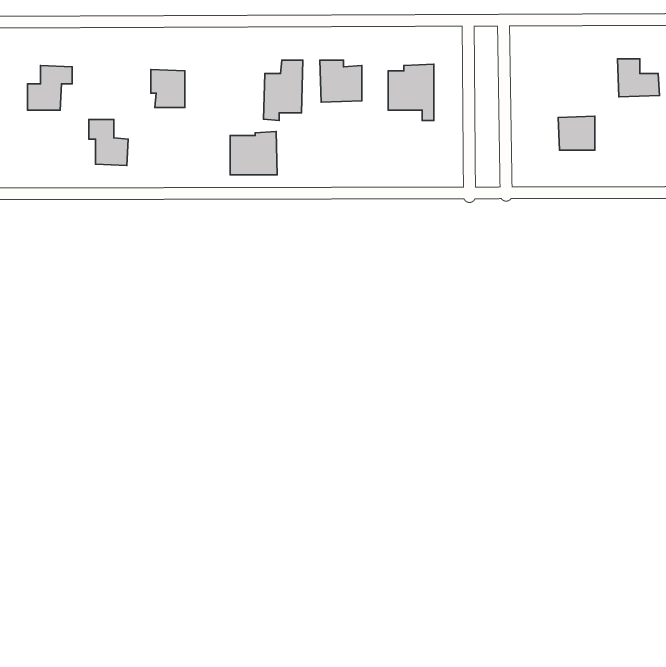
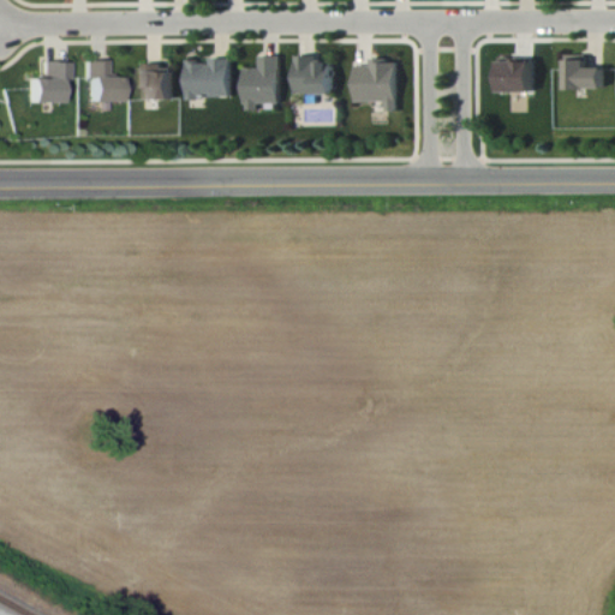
building: [558,116,595,150] -> [500,60,533,91]
building: [89,119,128,165] -> [82,59,118,101]
building: [230,132,277,175] -> [185,58,228,97]

